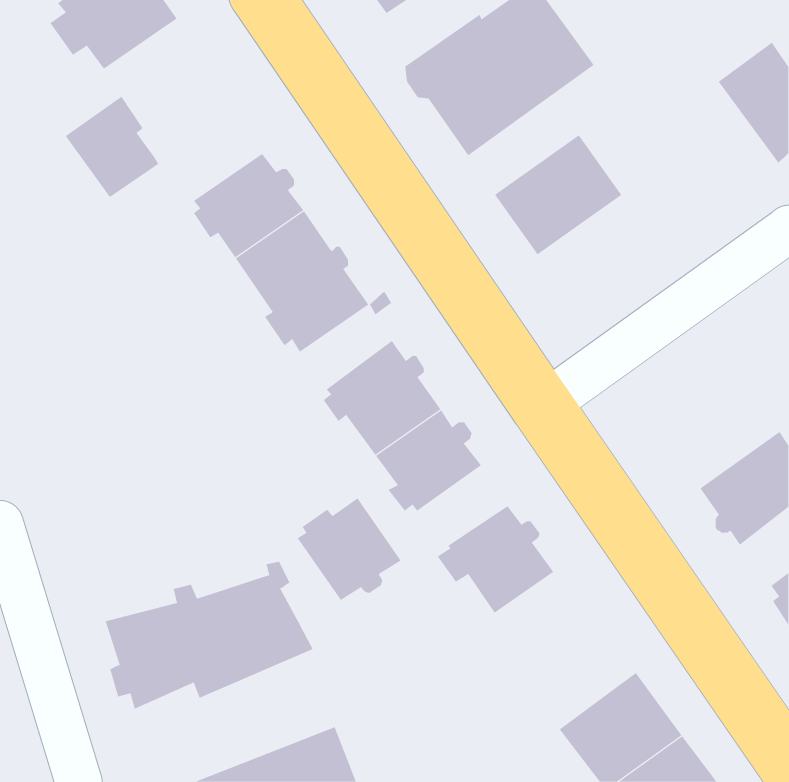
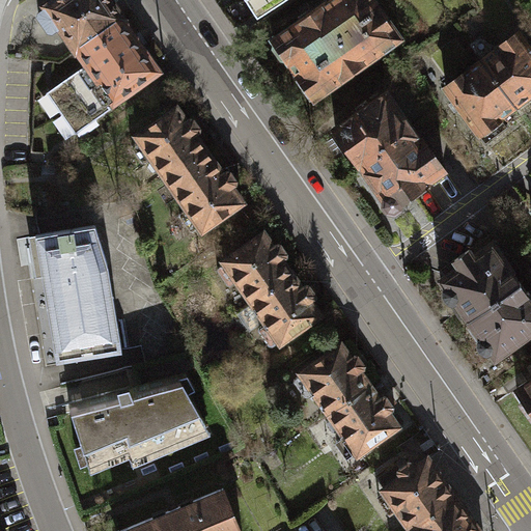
building: none -> [69,12,163,109]
building: none -> [444,55,523,138]
building: none -> [361,131,449,218]
building: none -> [34,229,122,365]
building: none -> [439,247,524,328]
building: [297,498,402,601] -> none
building: none -> [332,384,400,456]

